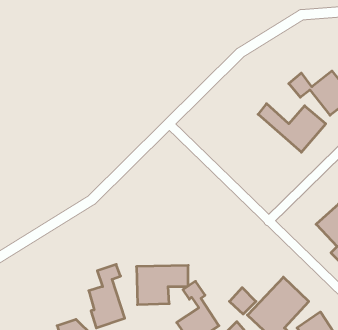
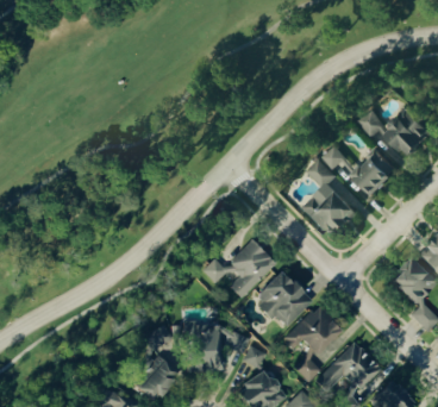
building: none -> [304,159,357,238]
building: none -> [202,239,276,298]
building: none -> [257,271,312,327]
building: none -> [282,306,343,355]

